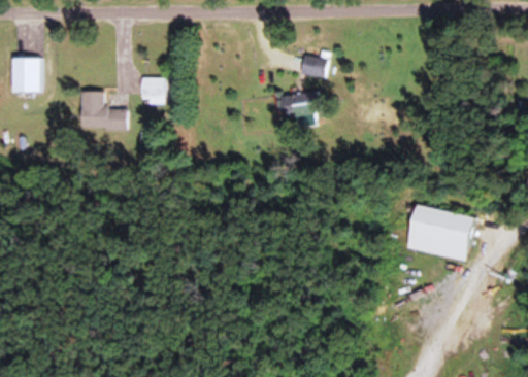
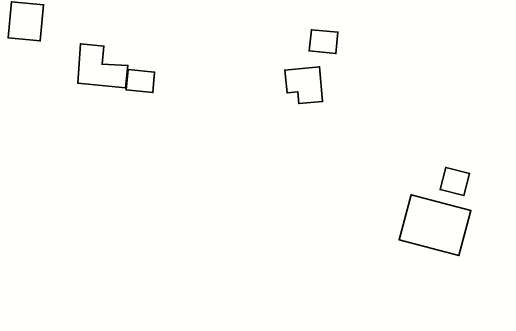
building: [141,78,167,98] -> [126,70,155,92]
building: none -> [440,168,469,195]

